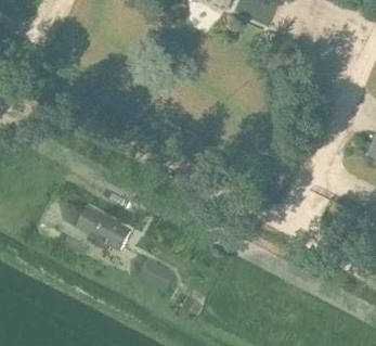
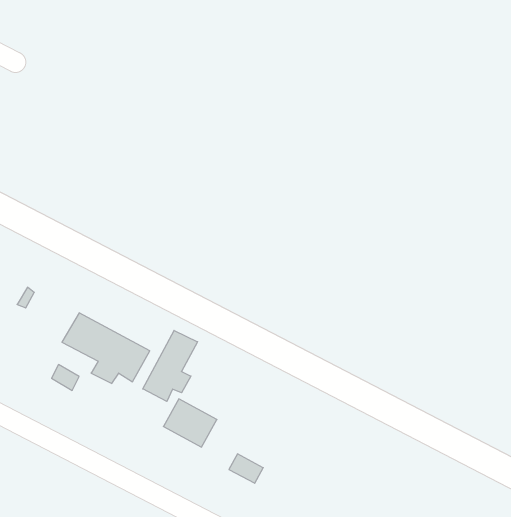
building: none -> [143,330,198,401]

